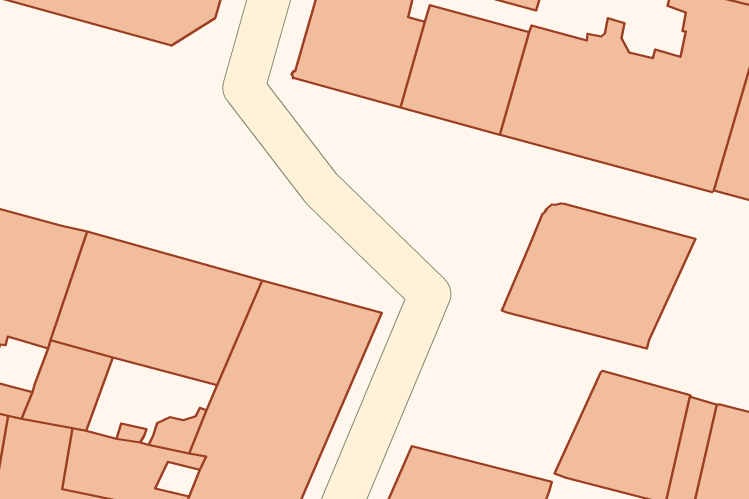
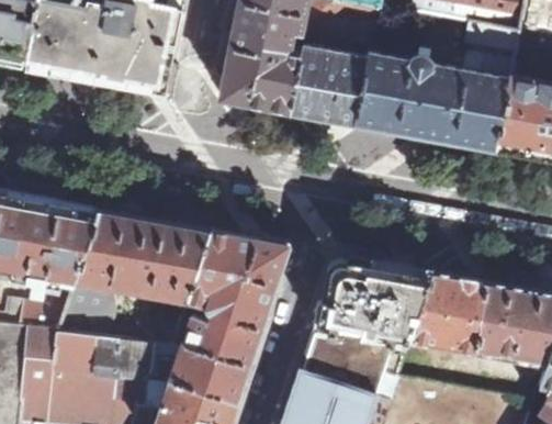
building: [502,203,695,348] -> [312,258,431,346]

